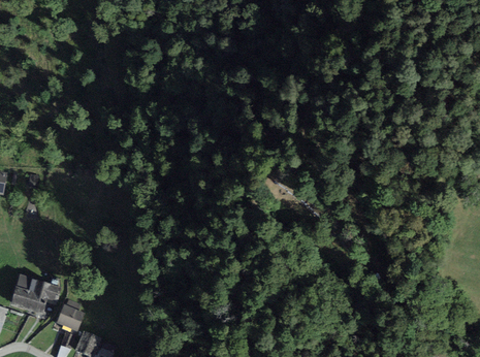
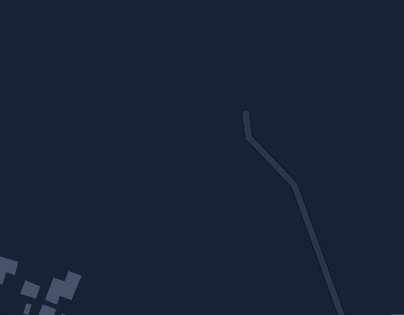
building: none -> [44,270,83,305]

